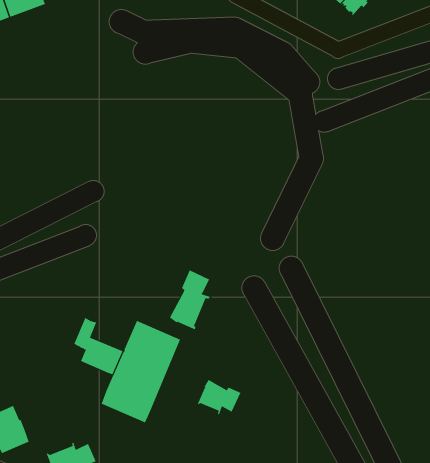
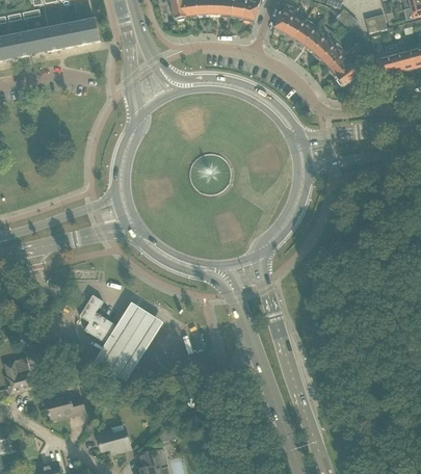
building: [169,269,211,330] -> none
building: [197,379,241,415] -> none

